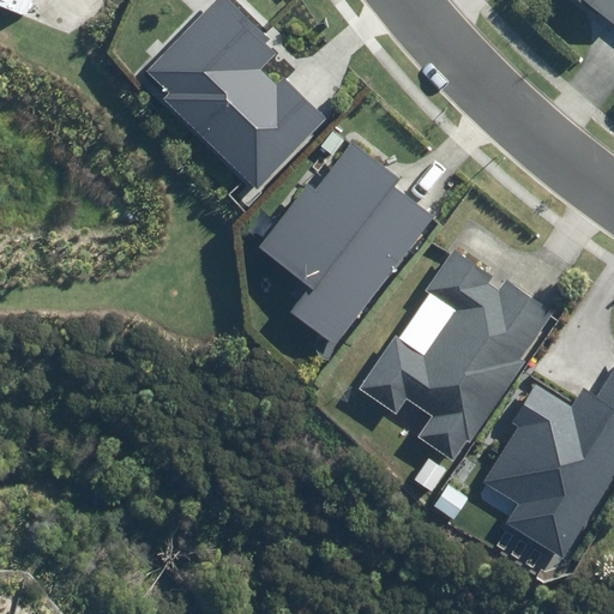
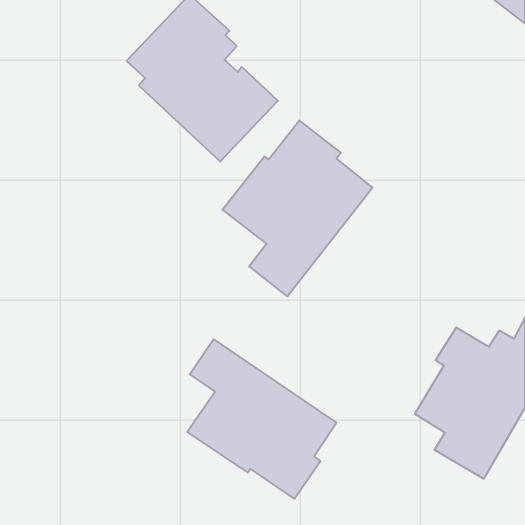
building: [355,248,550,459] -> none
building: none -> [187,339,336,499]

